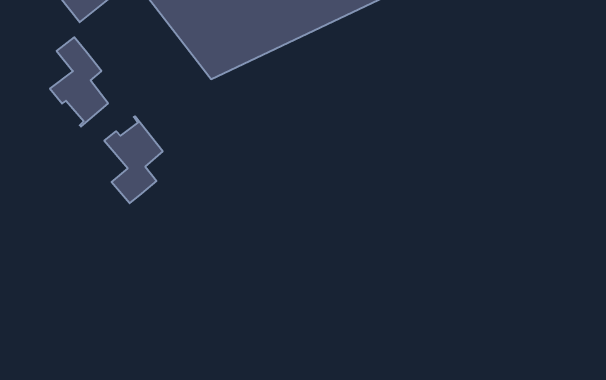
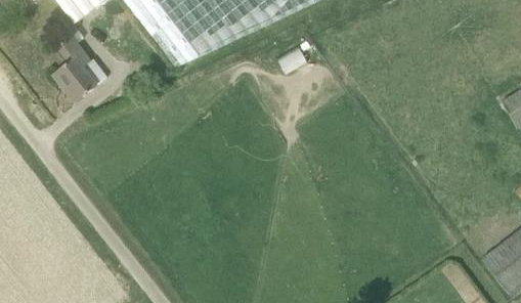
building: [104,116,163,203] -> none

